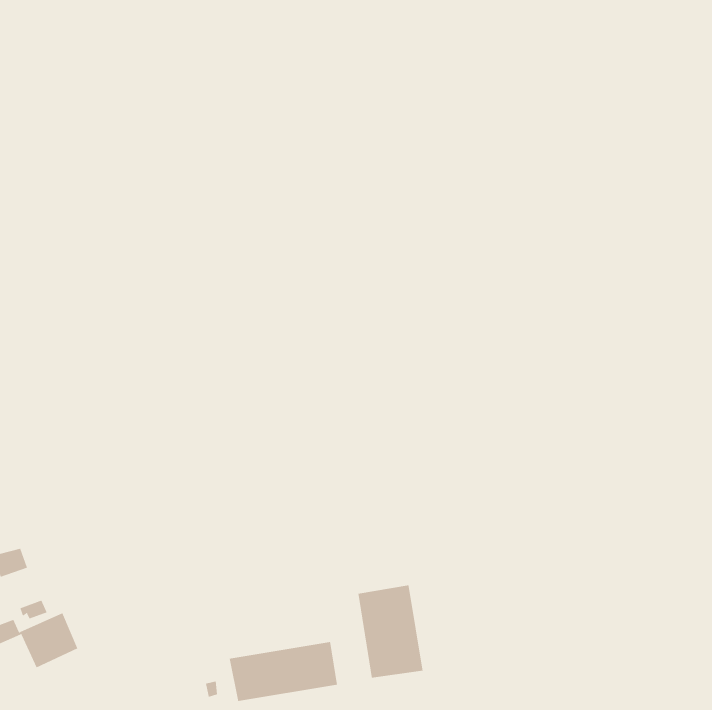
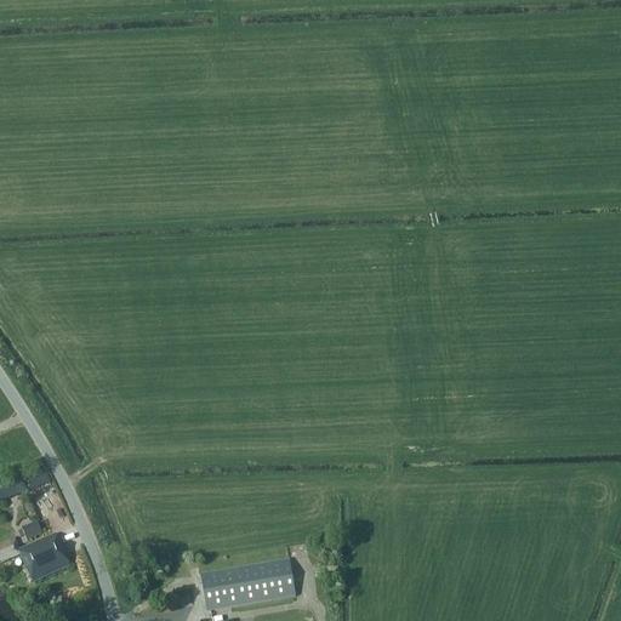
building: [358,585,423,679] -> none

